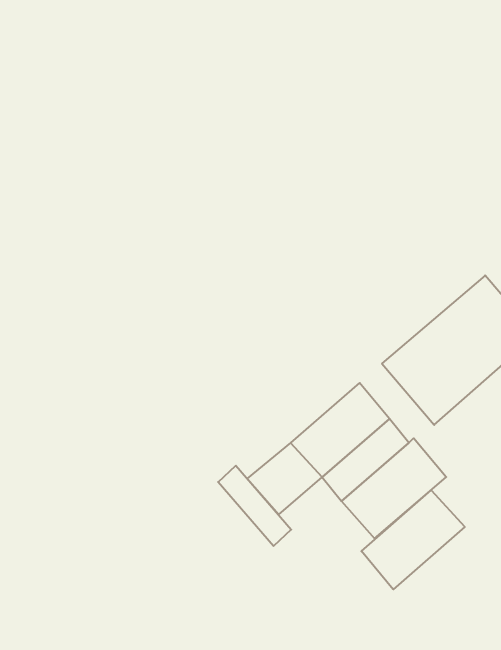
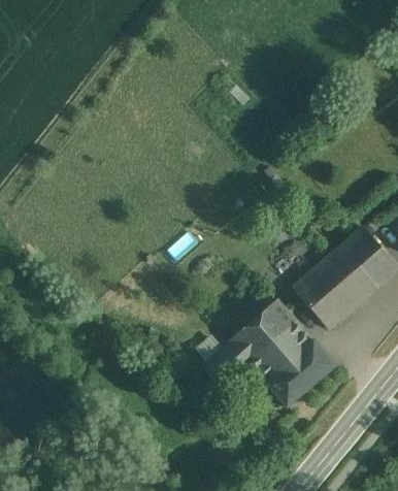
building: [218,466,291,546] -> none
building: [361,490,465,589] -> none

